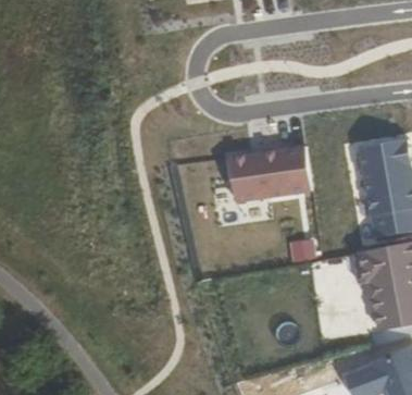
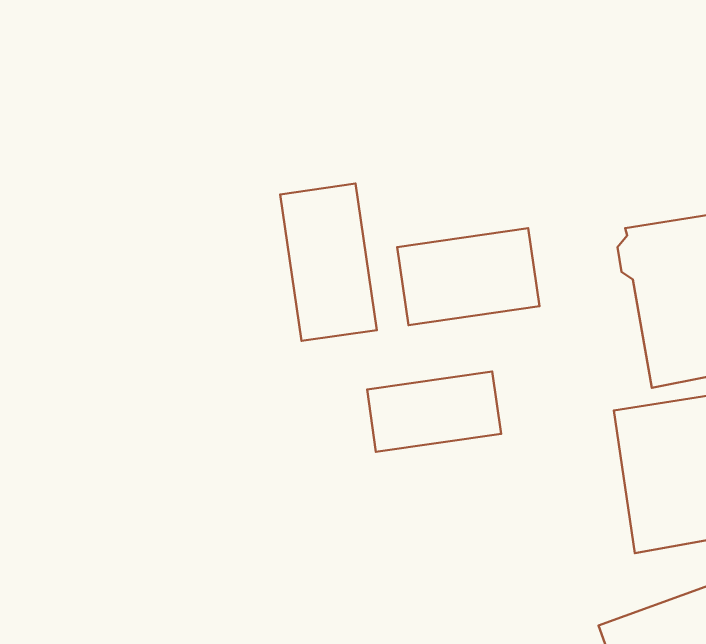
building: none -> [280,184,377,341]
building: none -> [367,371,501,452]

